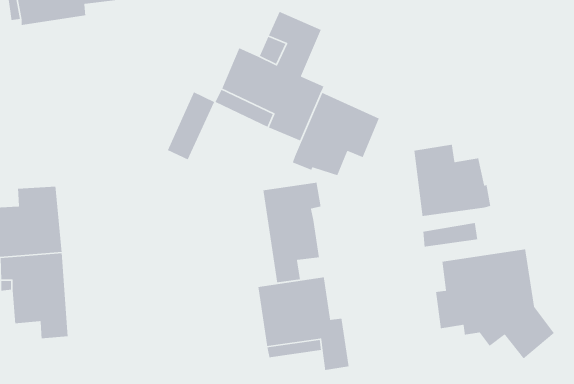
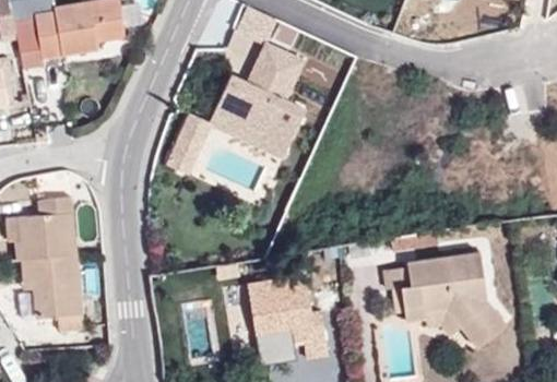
building: [292,92,380,176] -> none
building: [414,144,491,217] -> none
building: [263,182,321,283] -> none

